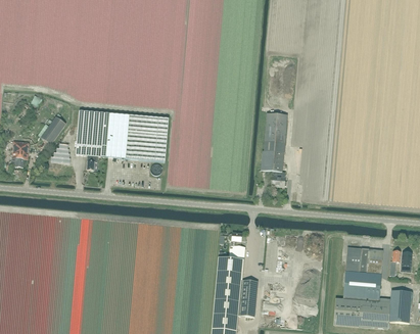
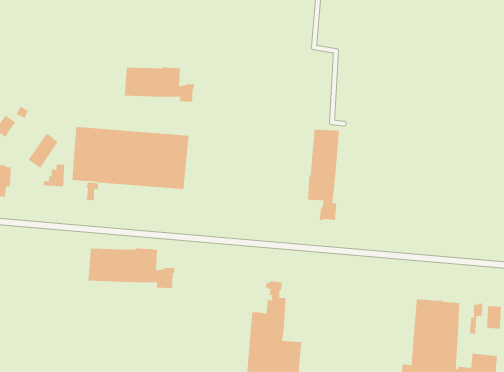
building: none -> [124,67,195,103]
building: none -> [88,248,175,289]

